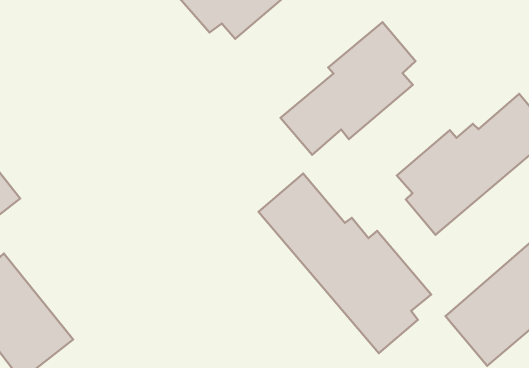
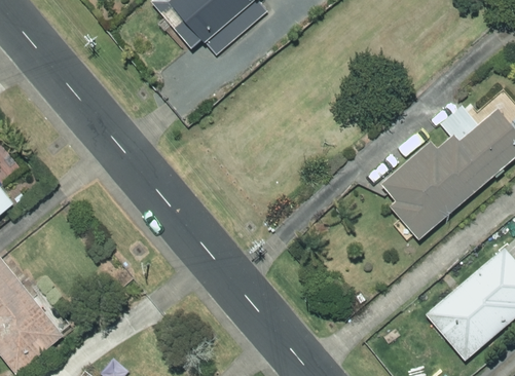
building: [281,22,415,155] -> none
building: [259,173,431,353] -> none

